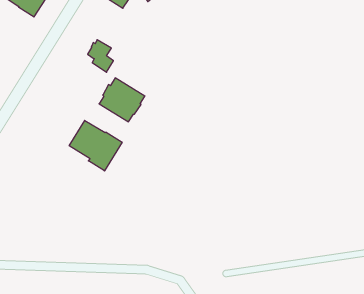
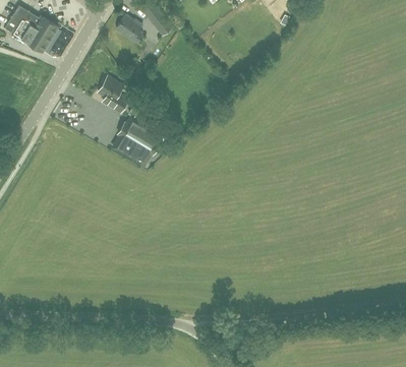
building: [69,120,122,171] -> none

